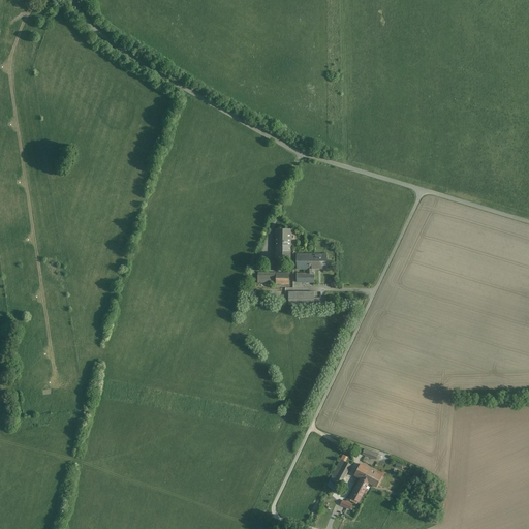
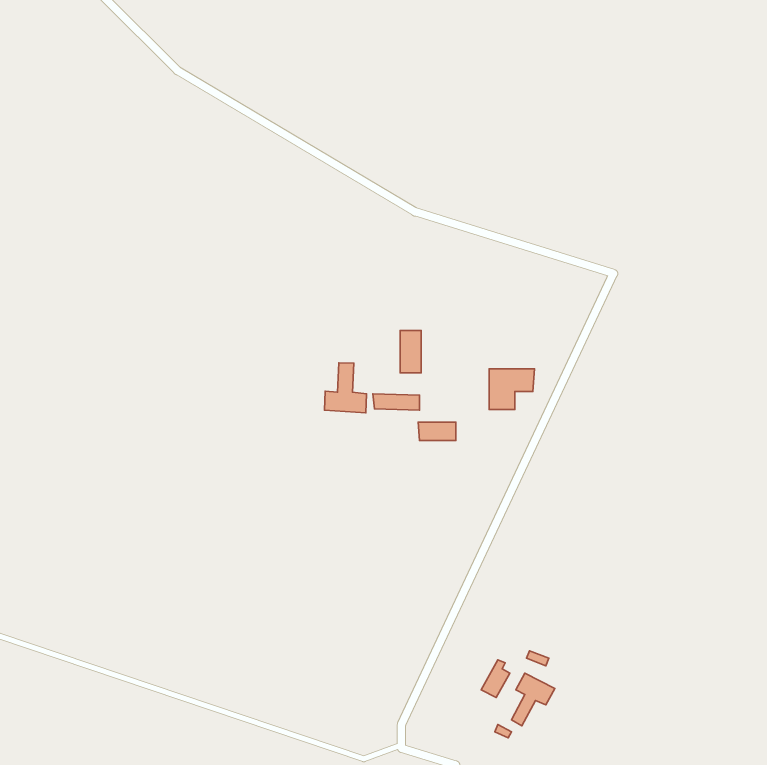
building: none -> [324,363,366,413]
building: [295,252,326,280] -> [489,369,534,409]

